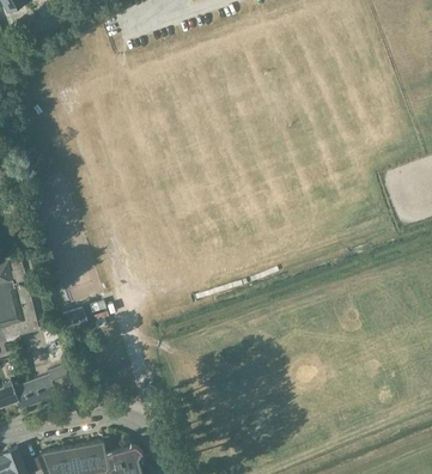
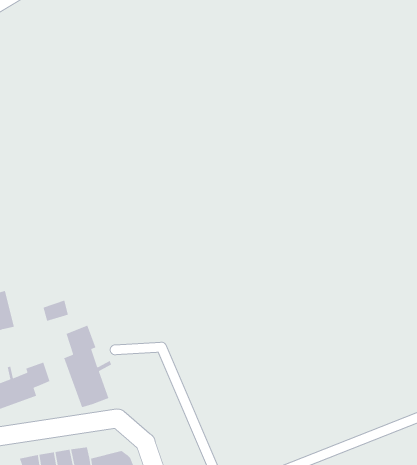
building: none -> [63,324,112,408]

